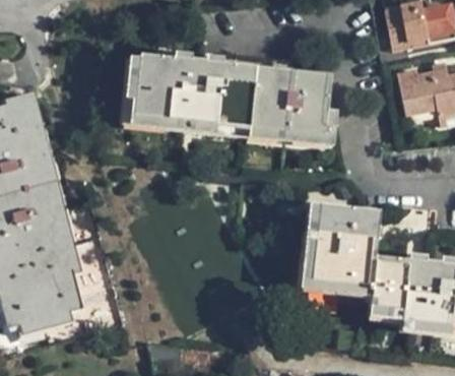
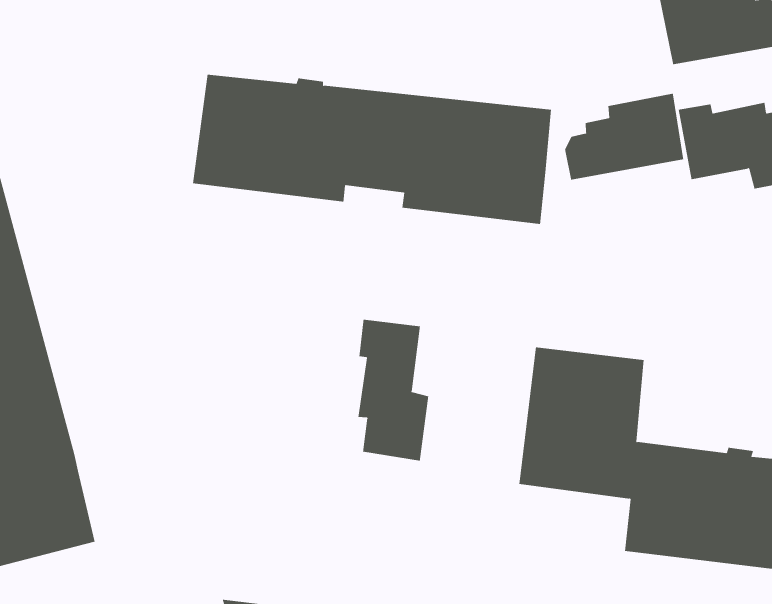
building: none -> [565,93,684,181]
building: none -> [358,319,429,461]

